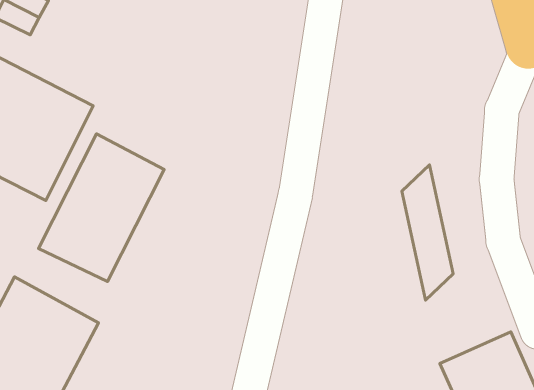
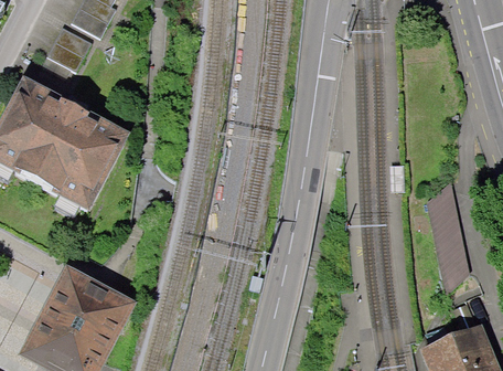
building: [39,134,164,281] -> none
building: [402,165,453,300] -> [426,178,469,292]

